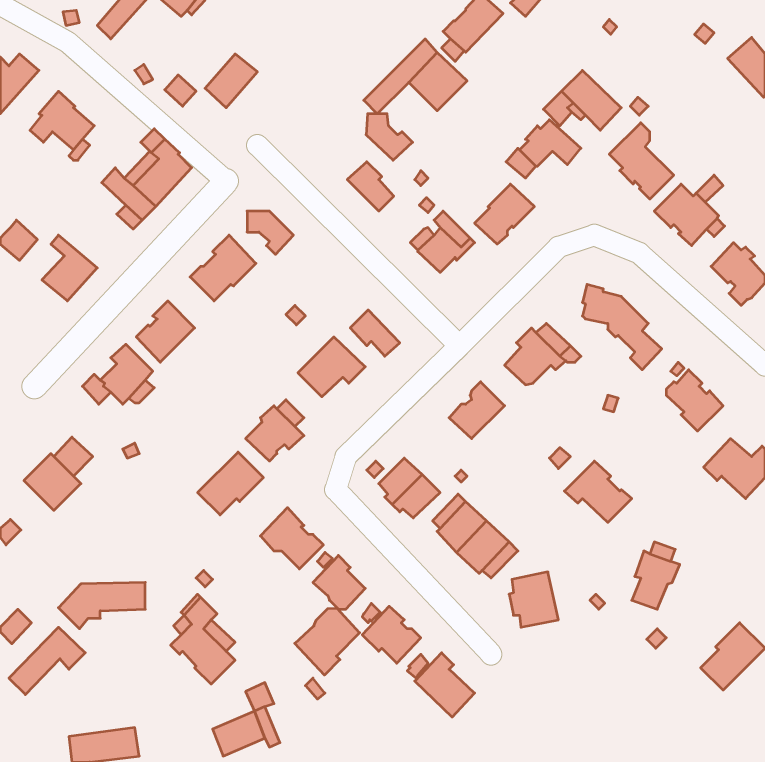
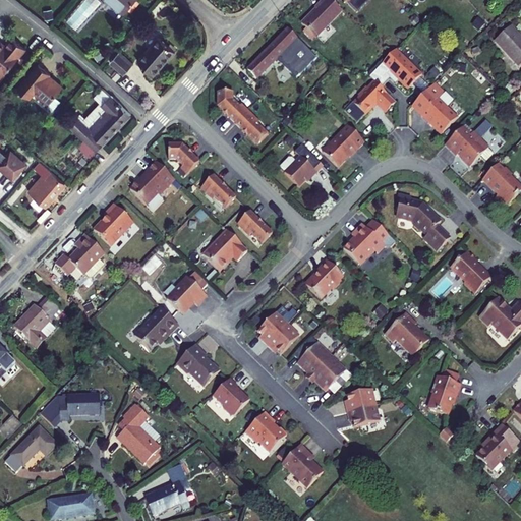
building: [366,114,413,160] -> [218,91,249,122]
building: none -> [201,174,236,206]
building: [295,608,360,675] -> none

